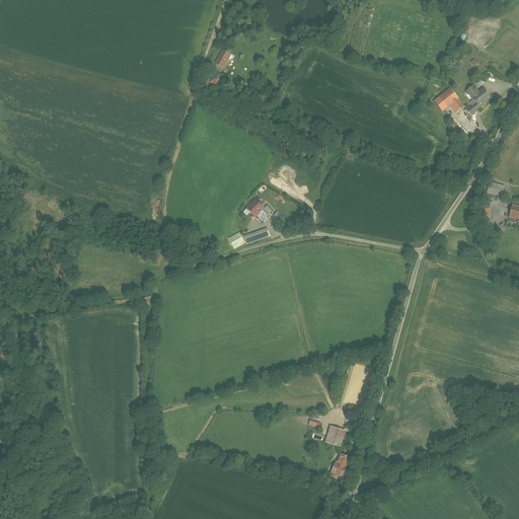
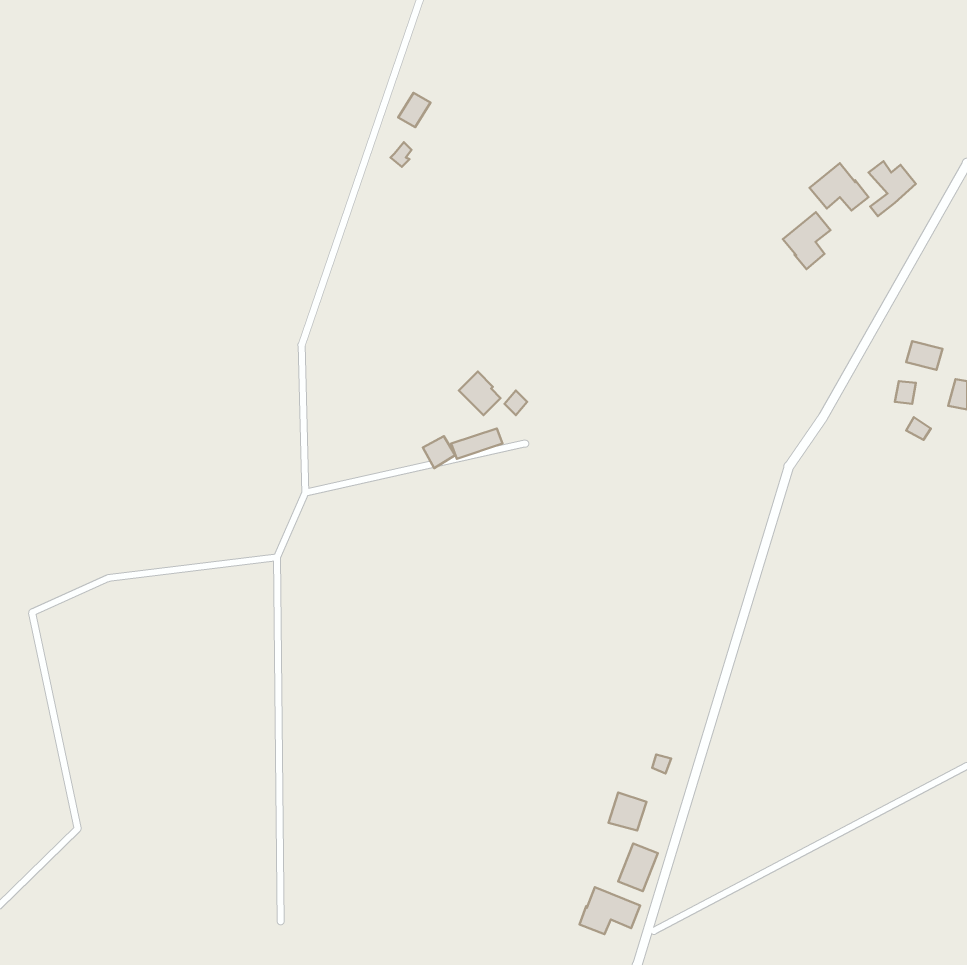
building: none -> [783,212,830,269]
building: none -> [579,887,640,934]

